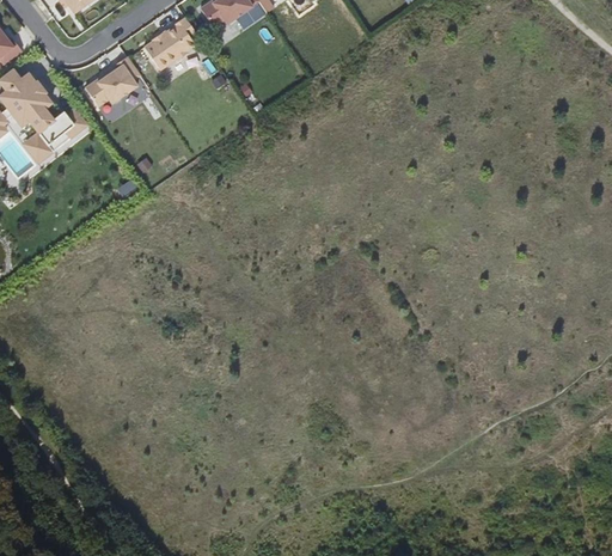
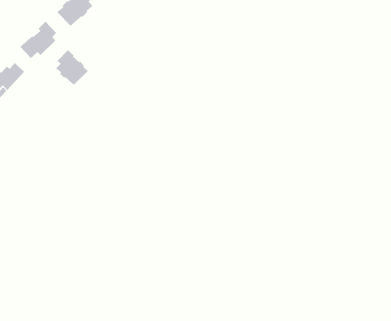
building: none -> [55,50,89,85]

